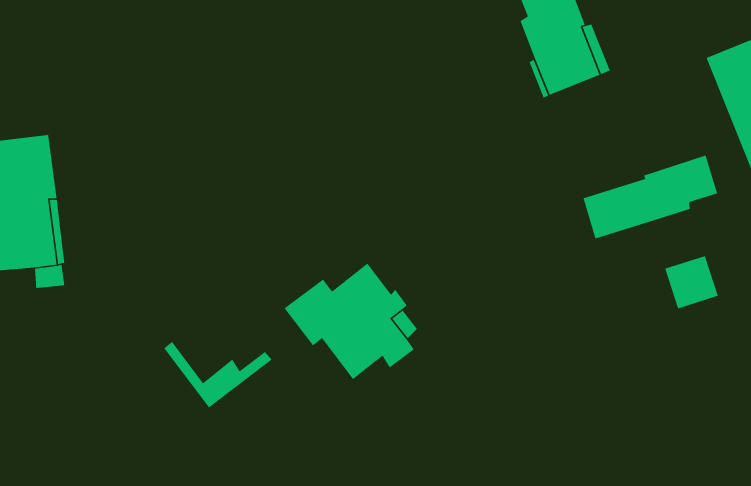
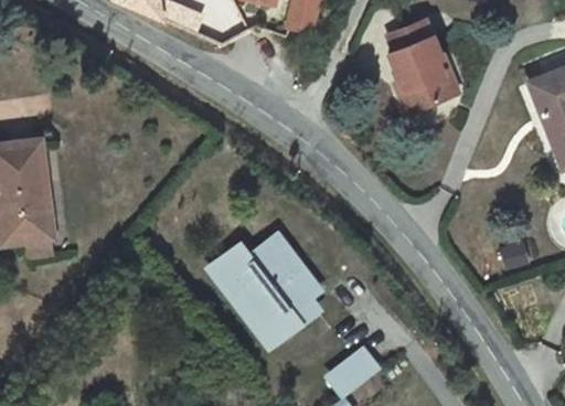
building: [583,155,718,240] -> none
building: [163,341,272,409] -> [235,293,317,344]
building: none -> [329,352,376,396]

